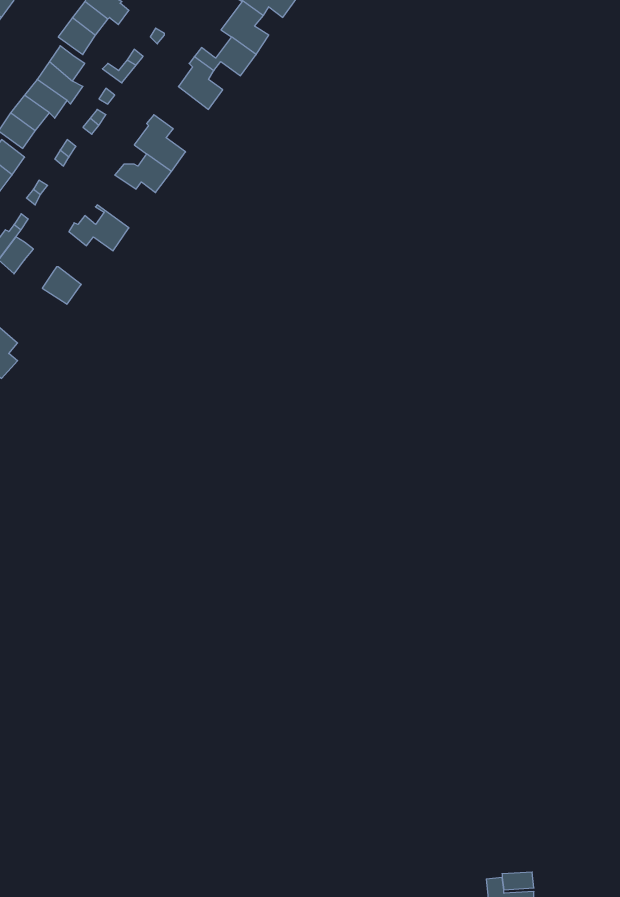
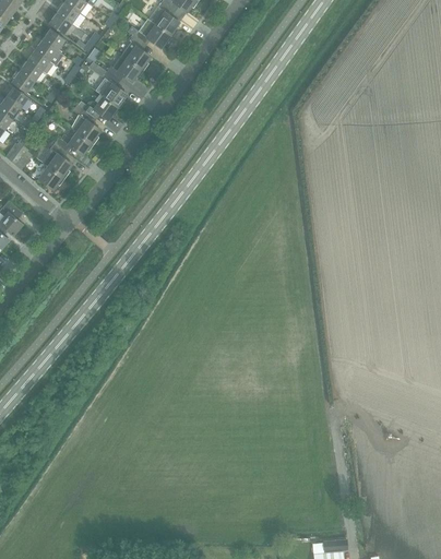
building: none -> [107,55,141,82]
building: none -> [72,105,99,142]
building: none -> [43,144,71,177]

